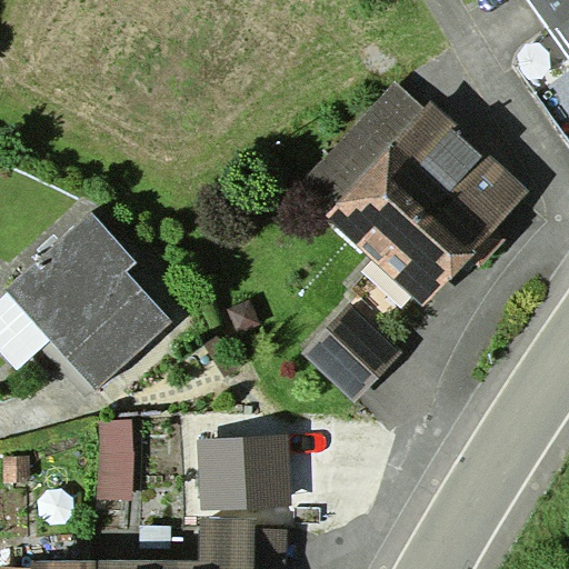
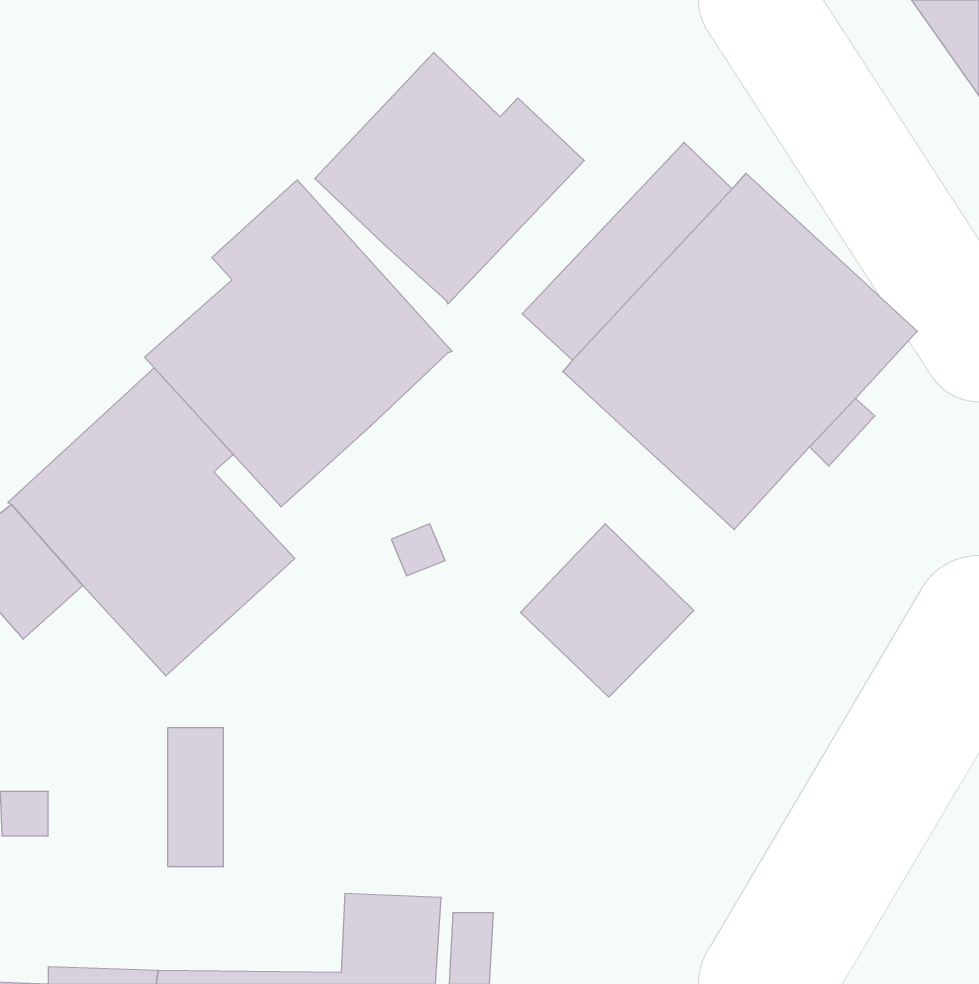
building: none -> [315,52,584,304]
building: none -> [145,180,452,507]
building: [194,433,288,510] -> none

